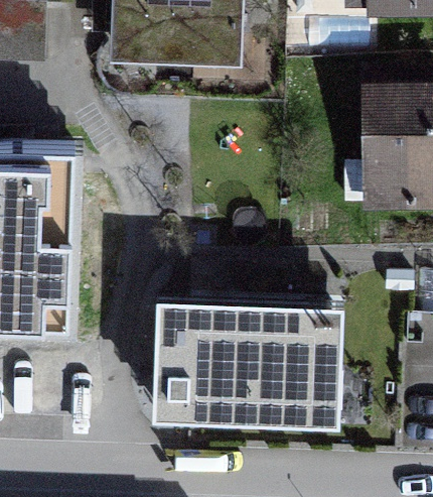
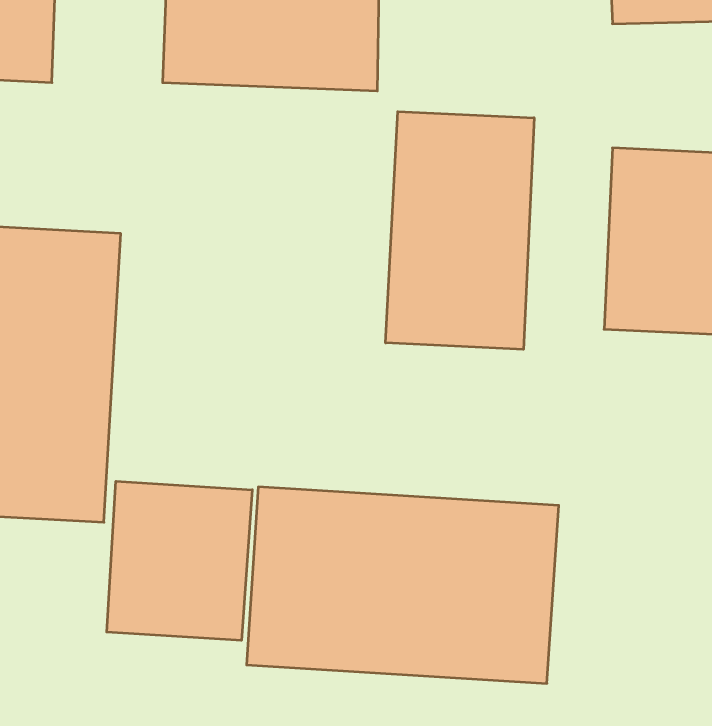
building: none -> [386,112,534,349]
building: none -> [107,481,252,640]

